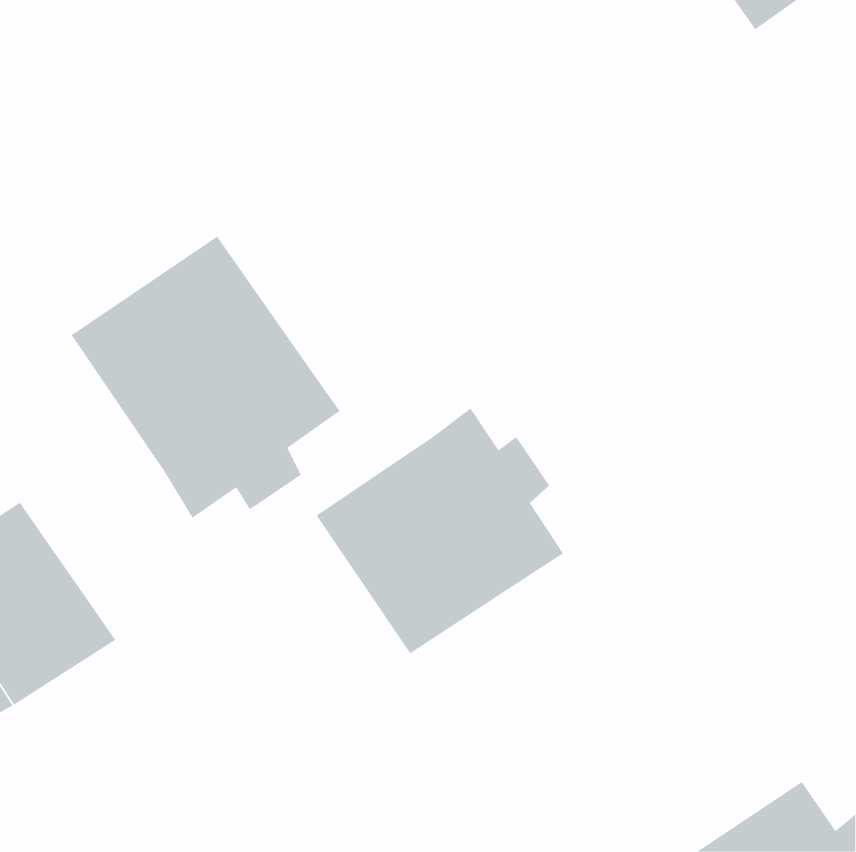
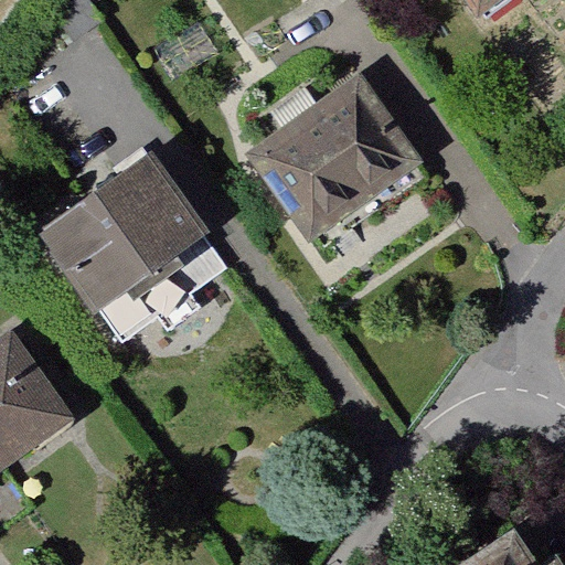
building: none -> [244,71,424,244]
building: [316,407,564,654] -> none

